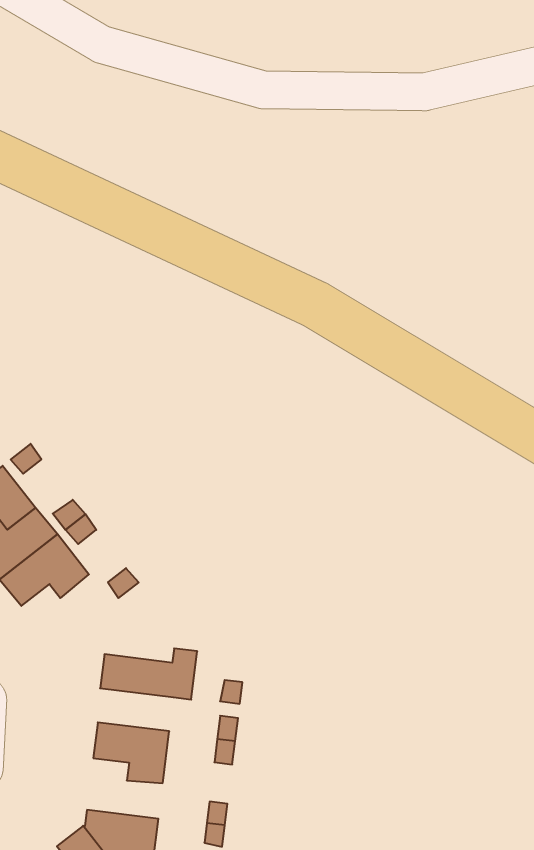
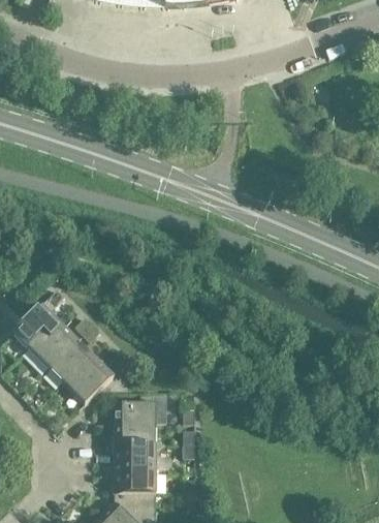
building: none -> [62,359,113,403]
building: none -> [113,423,155,442]
building: none -> [114,463,155,493]

